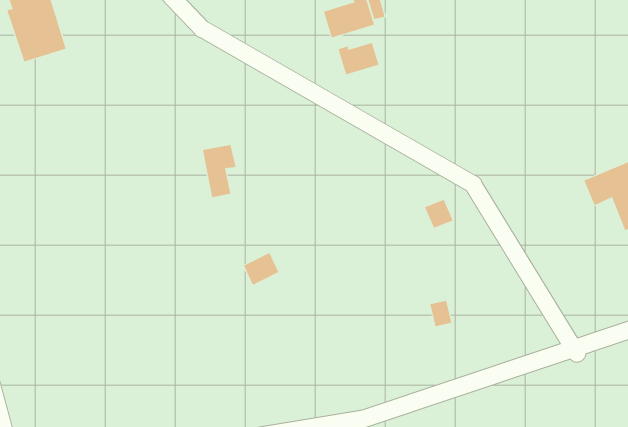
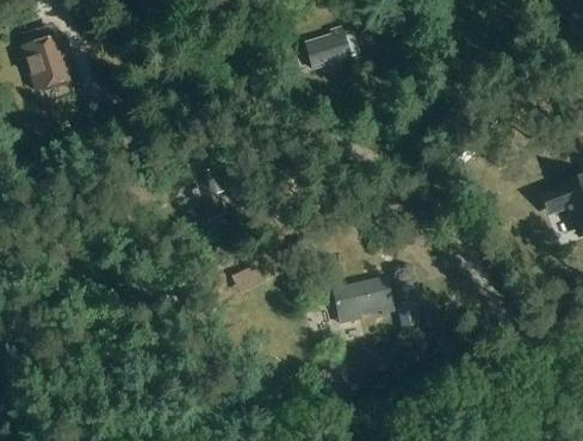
building: [338,42,379,75] -> none
building: none -> [331,277,395,324]

